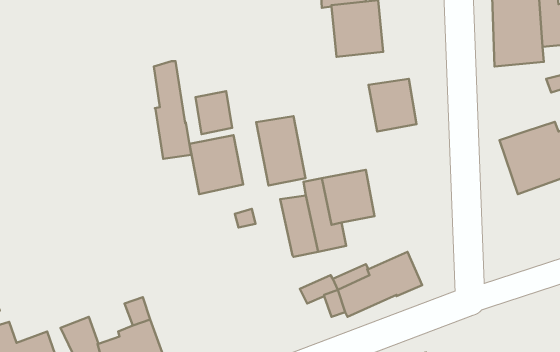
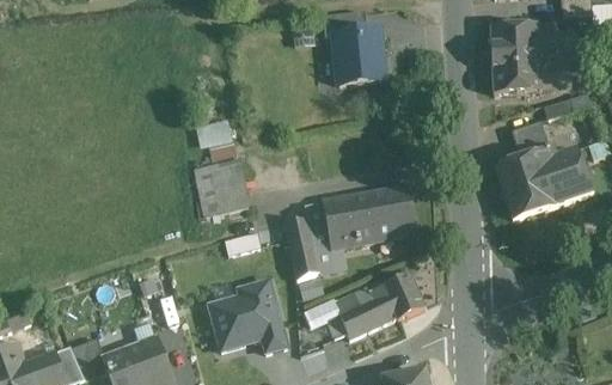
building: [154,61,191,159] -> none
building: [369,79,416,132] -> [367,188,414,239]
building: none -> [514,120,551,157]
building: [256,116,305,185] -> none
building: none -> [206,277,287,354]

